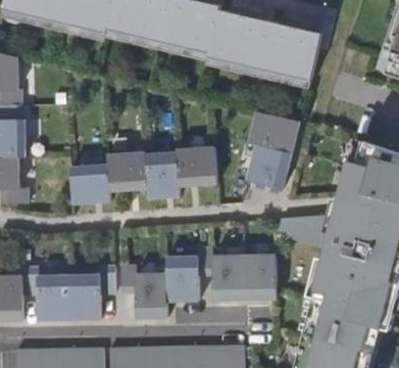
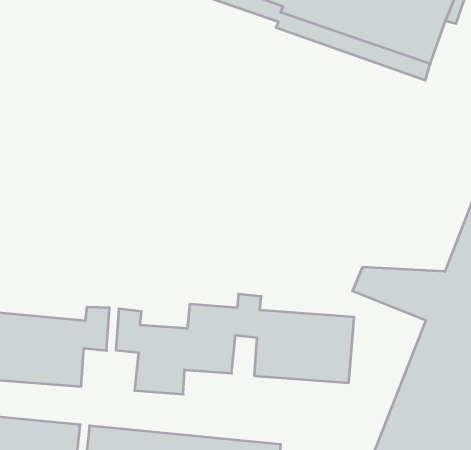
building: [245,111,298,190] -> none
building: [68,147,214,202] -> none

